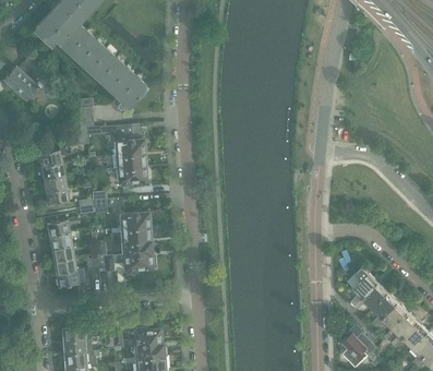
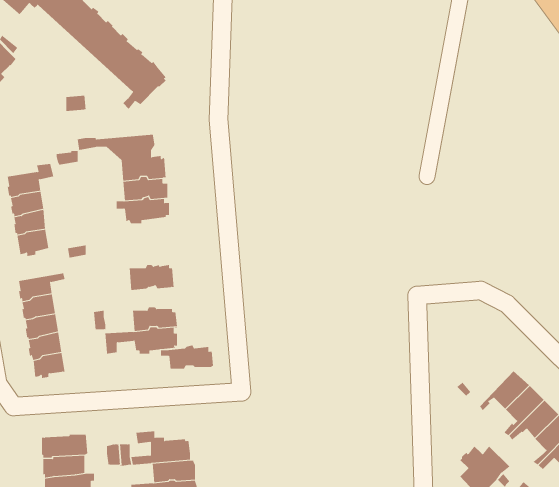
building: [117,227,153,243] -> [160,345,214,369]
building: [351,268,378,308] -> none

